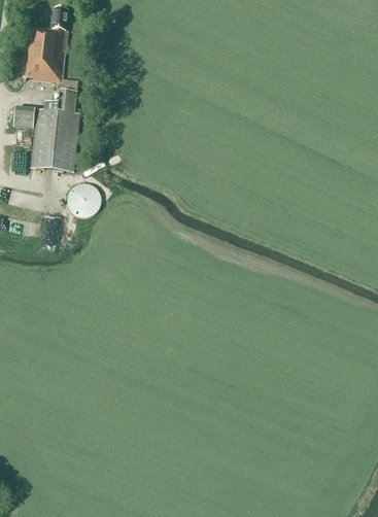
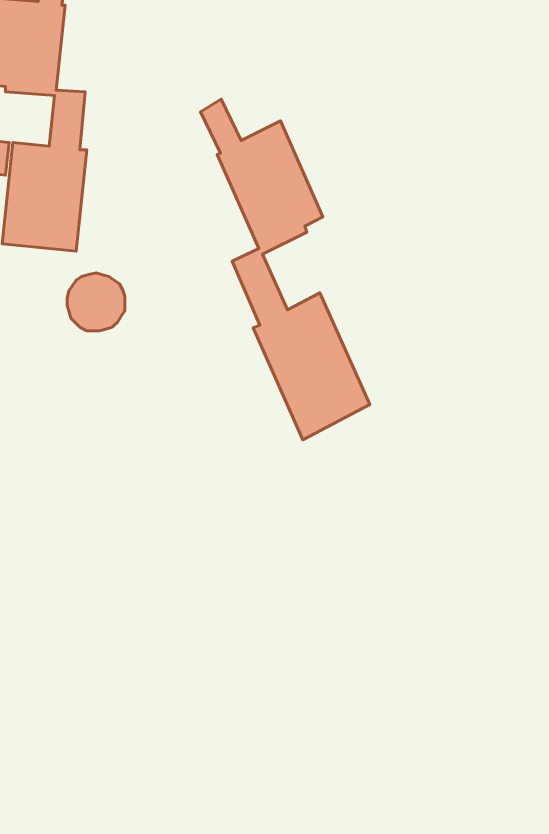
building: none -> [201,99,370,440]

